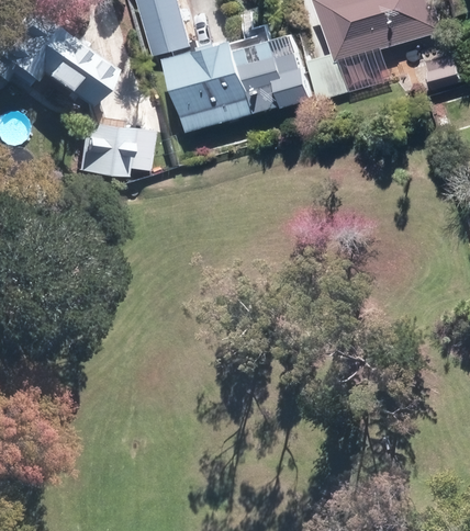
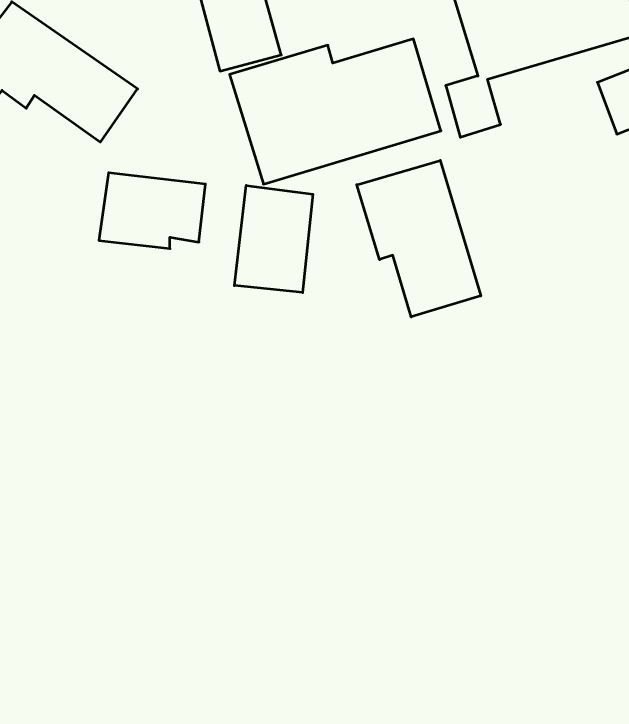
building: none -> [357,160,481,317]
building: none -> [234,185,313,293]

